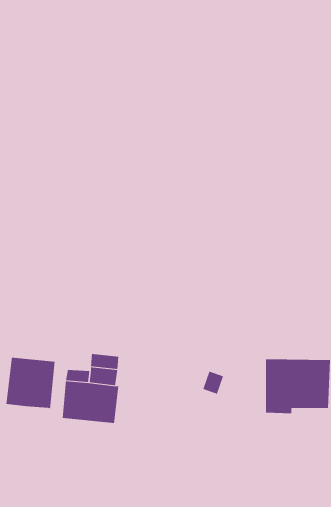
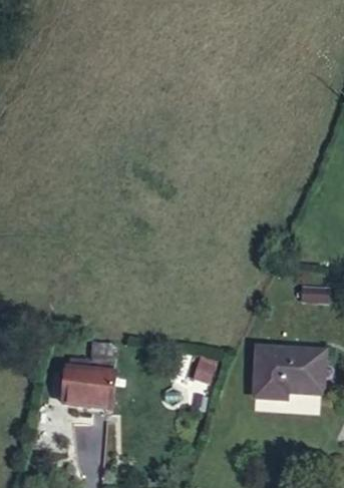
building: [6,357,55,409] -> none

